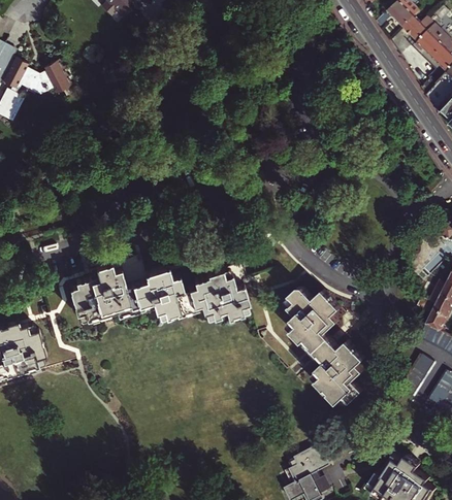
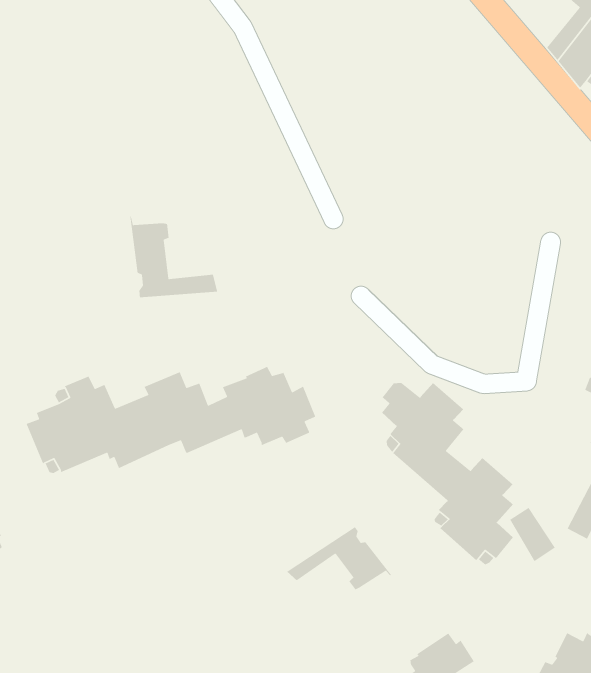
building: none -> [130,216,218,298]
building: none -> [509,507,556,562]
building: none -> [286,526,392,590]

